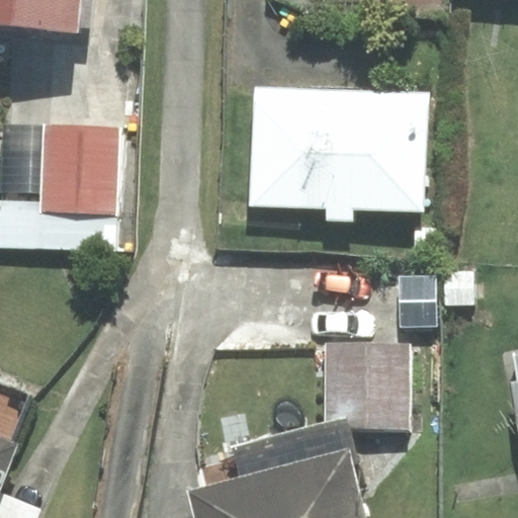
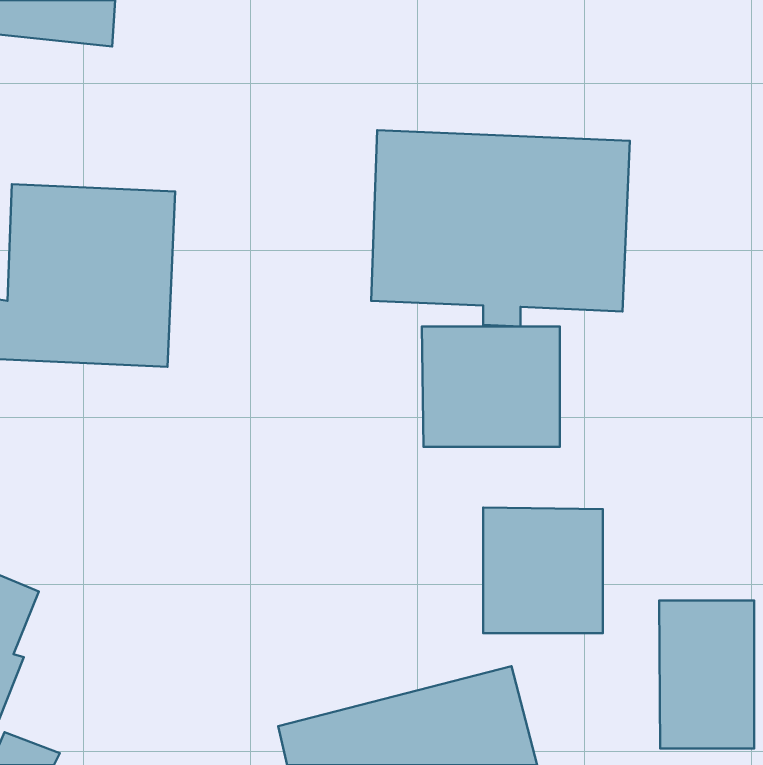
building: none -> [422,326,560,447]
building: none -> [659,600,754,748]

